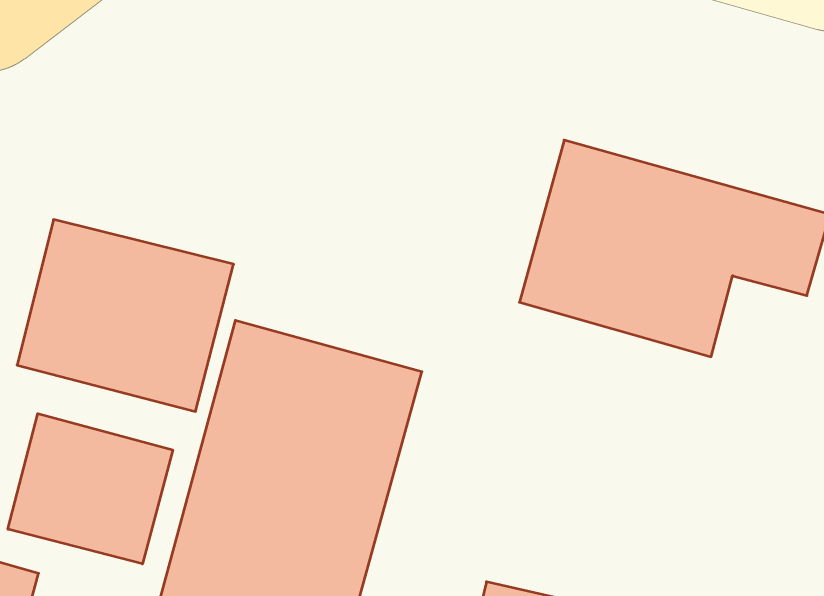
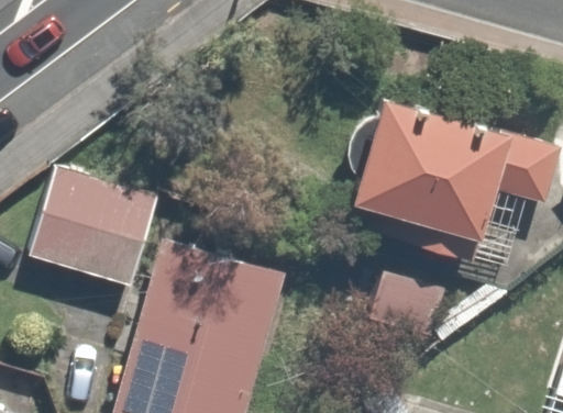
building: [8,414,173,564] -> none

